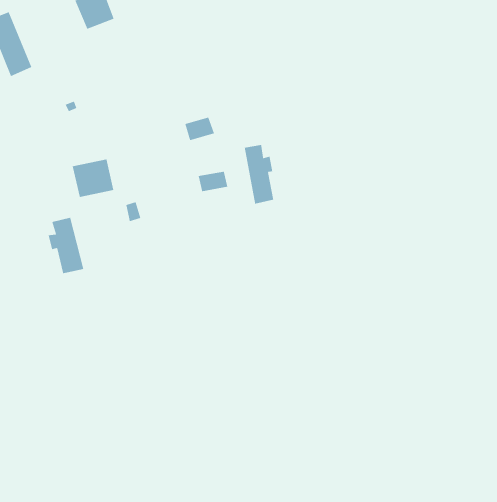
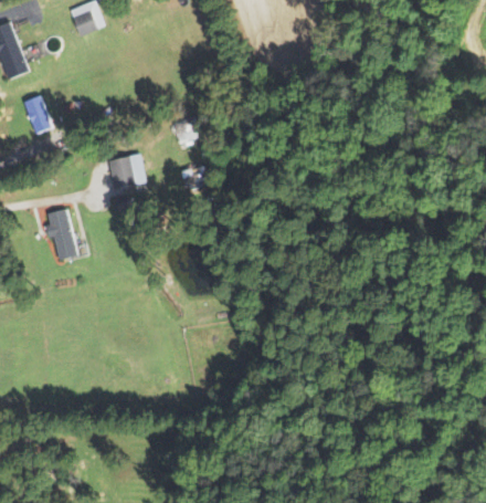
building: none -> [23,94,53,134]
building: [244,144,274,205] -> none
building: [72,159,114,198] -> [108,154,147,189]

